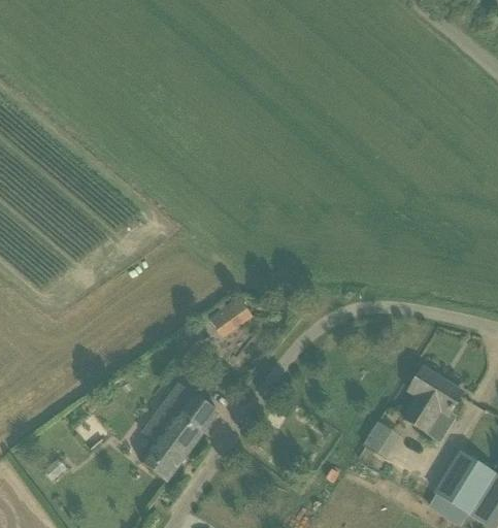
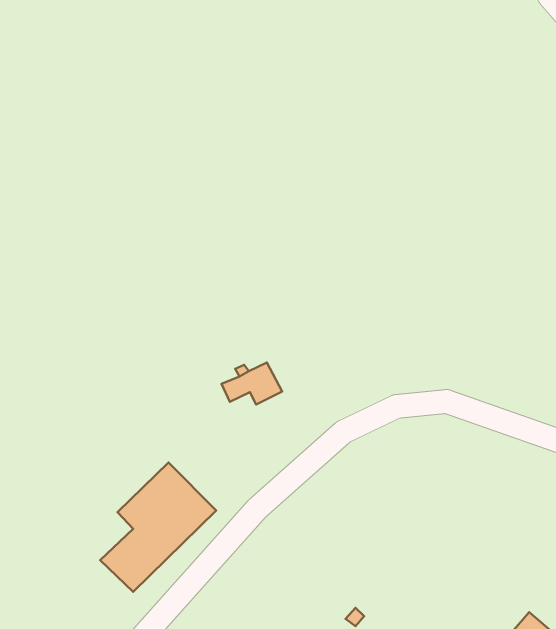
building: [401,368,463,435] -> none
building: [367,422,401,454] -> none

